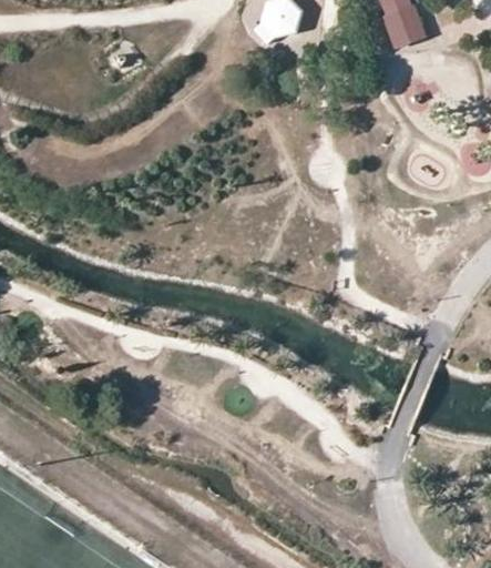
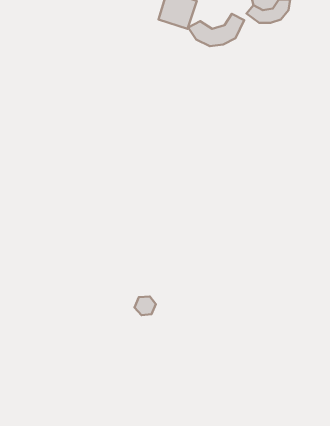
building: none -> [188,14,244,46]

